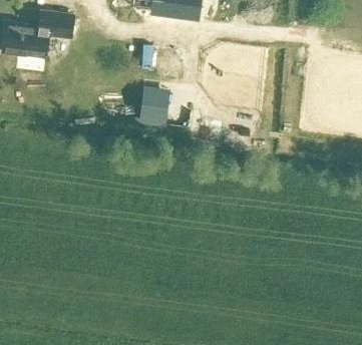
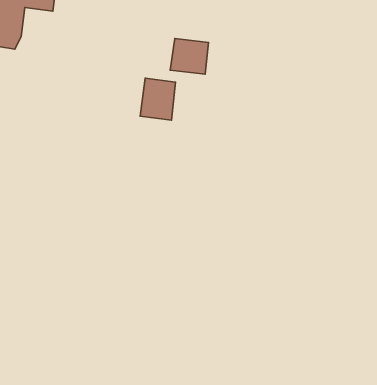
building: none -> [170,39,208,74]

